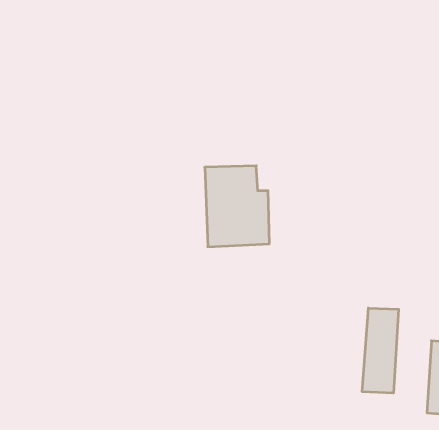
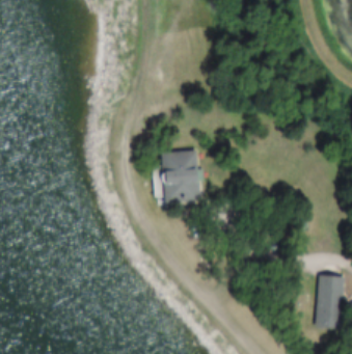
building: [362,308,399,393] -> none

